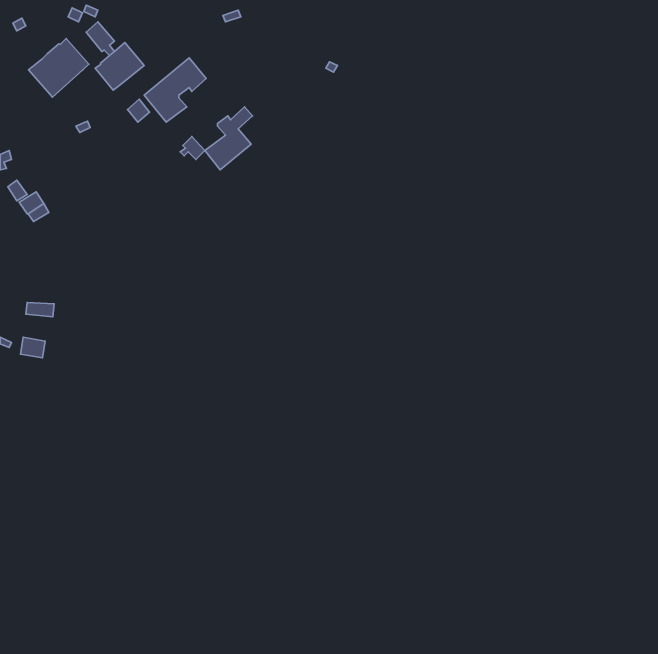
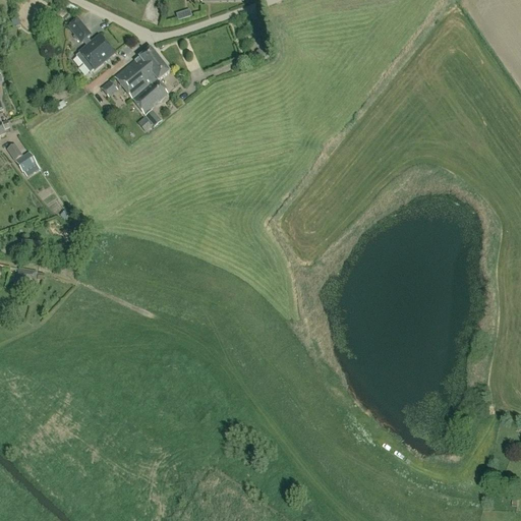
building: [29,39,89,97] -> none
building: [205,107,252,170] -> [131,62,169,112]

